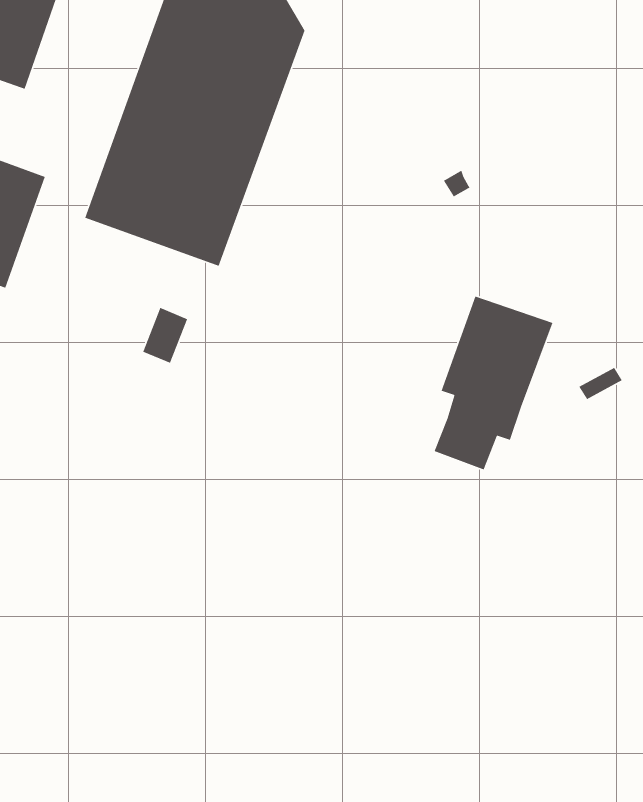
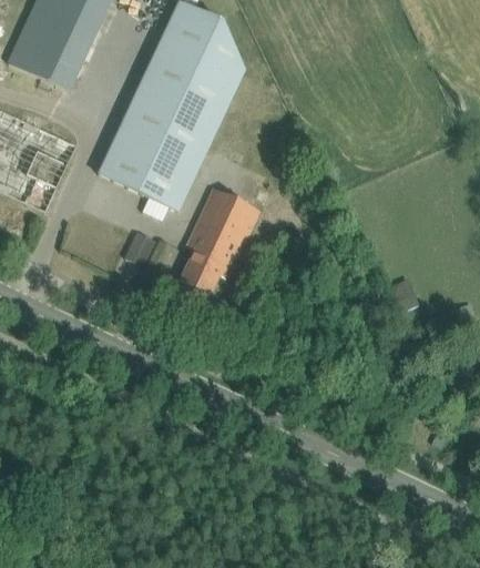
building: [434,296,554,470] -> [180,186,261,294]

